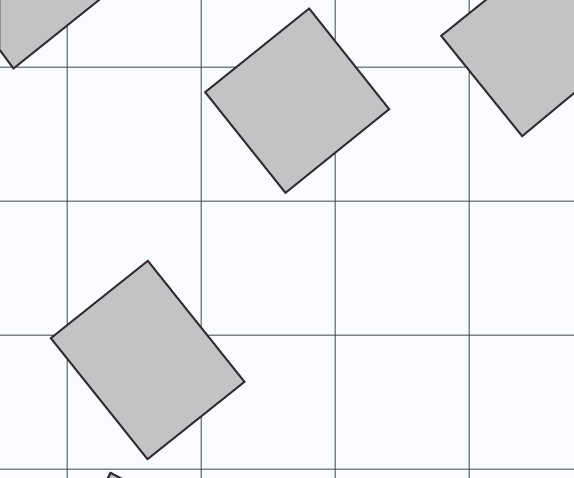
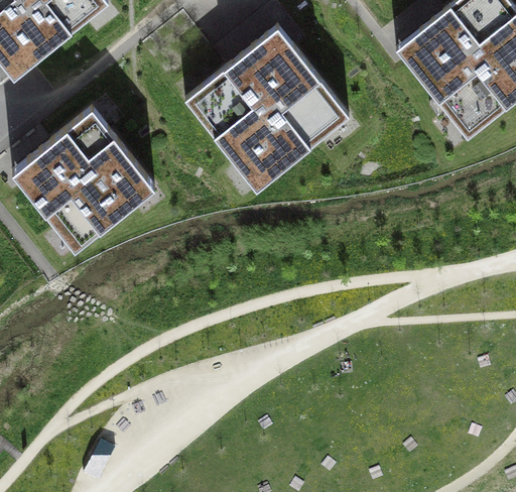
building: none -> [11,109,154,251]
building: [51,261,244,459] -> none

